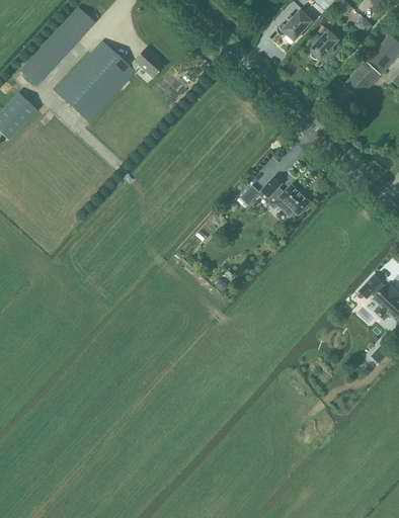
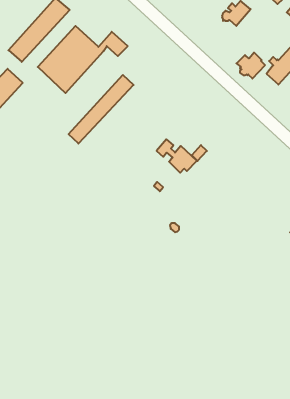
building: [307,30,341,62] -> [236,53,265,79]
building: none -> [69,75,134,144]
building: [261,175,310,215] -> [157,139,197,173]

